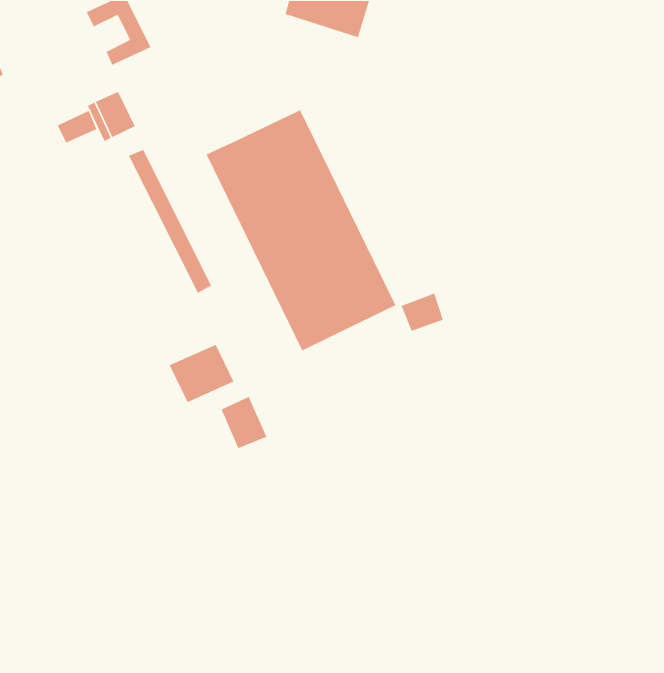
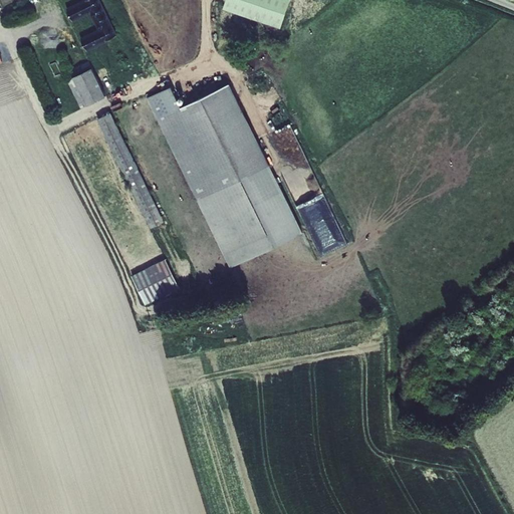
building: [57,110,97,144] -> none
building: none -> [148,86,181,117]
building: [221,396,267,449] -> none

